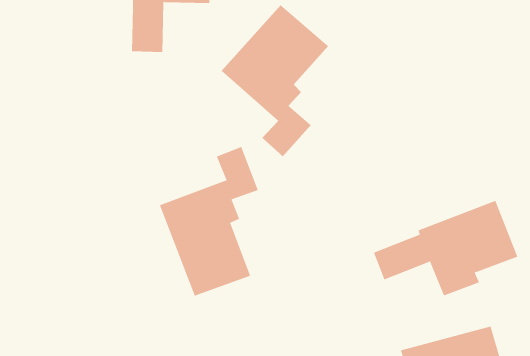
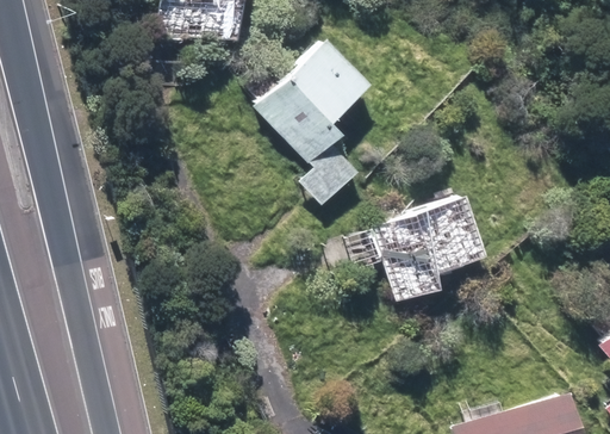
building: [159,146,259,296] -> none
building: [373,200,518,296] -> [323,193,485,300]

